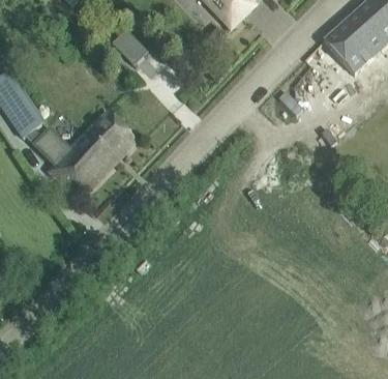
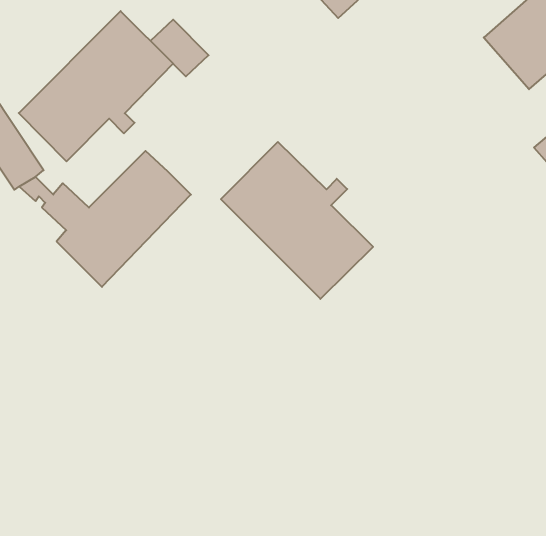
building: none -> [19,11,173,161]
building: none -> [221,142,373,299]

